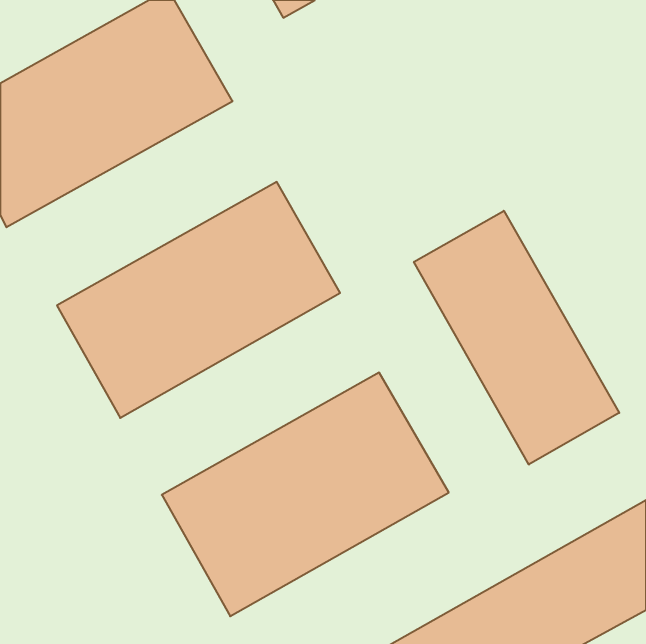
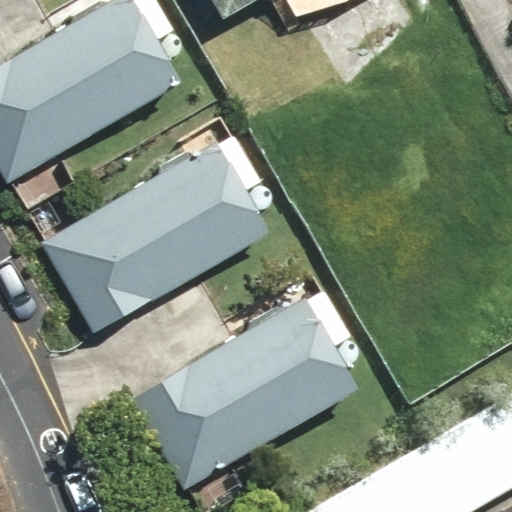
building: [414,211,619,465] -> none

